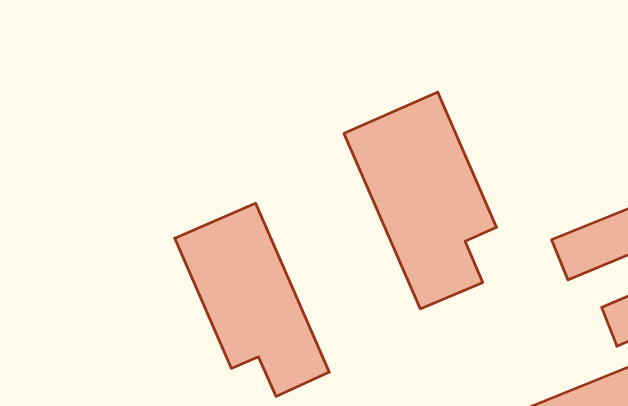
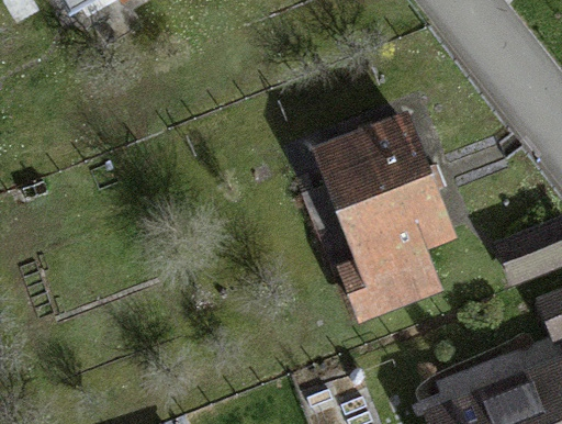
building: [175,203,329,396] -> none

